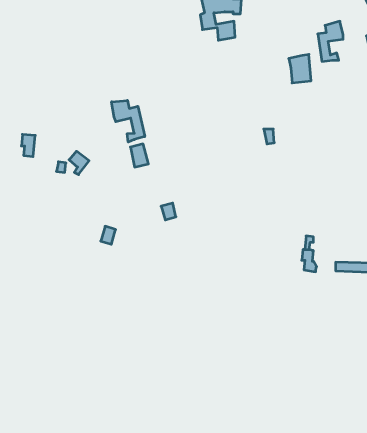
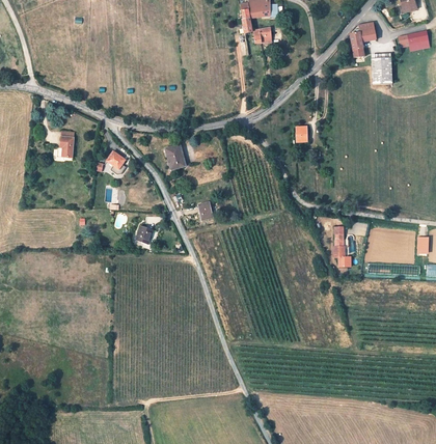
building: [289,54,311,83] -> [372,59,393,87]
building: [112,100,145,142] -> none

